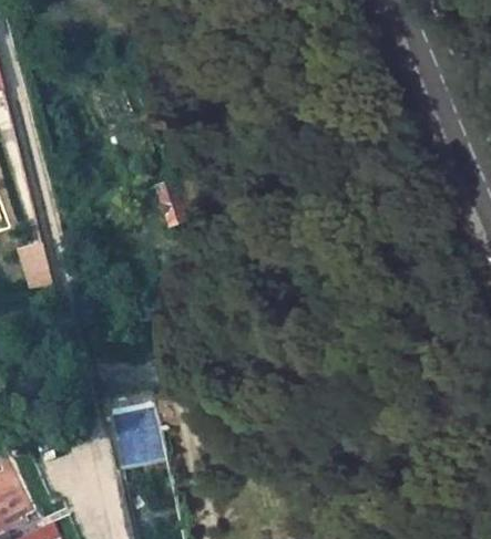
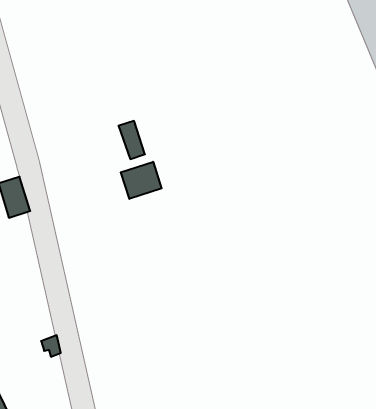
building: none -> [121,162,162,199]

